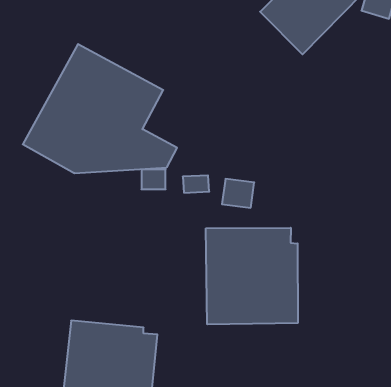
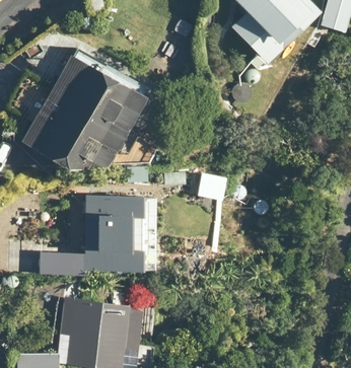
building: none -> [40,196,143,276]
building: [206,228,298,324] -> none

